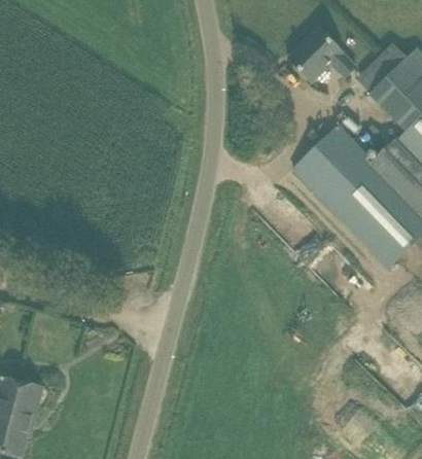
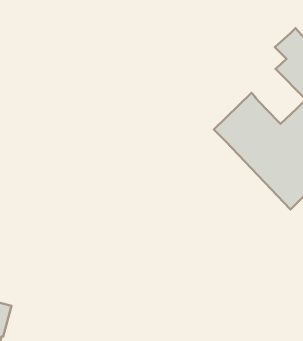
building: [288,28,356,81] -> none

